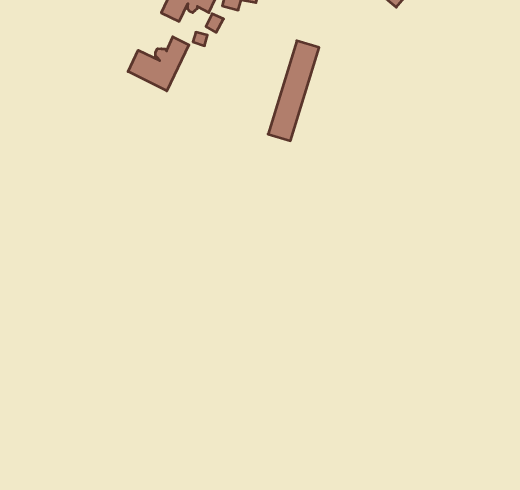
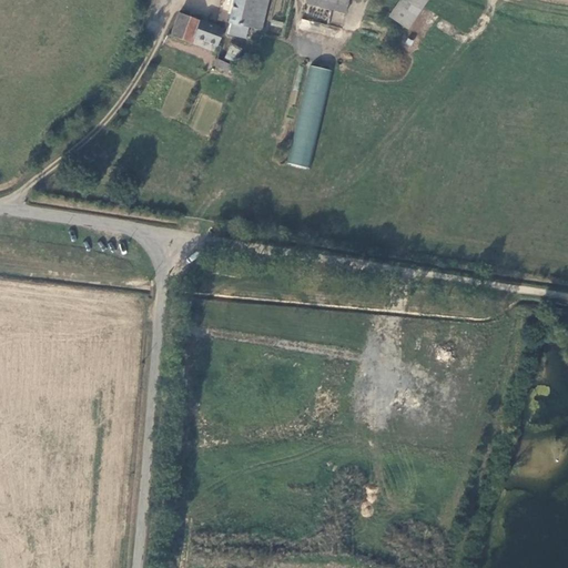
building: [128,37,189,91] -> none

